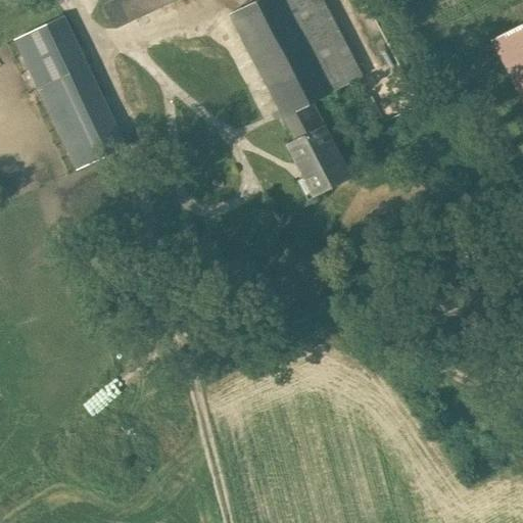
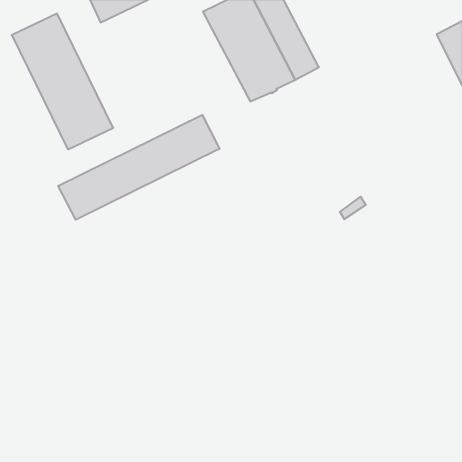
building: [282,104,348,198] -> none
building: none -> [58,115,220,220]

